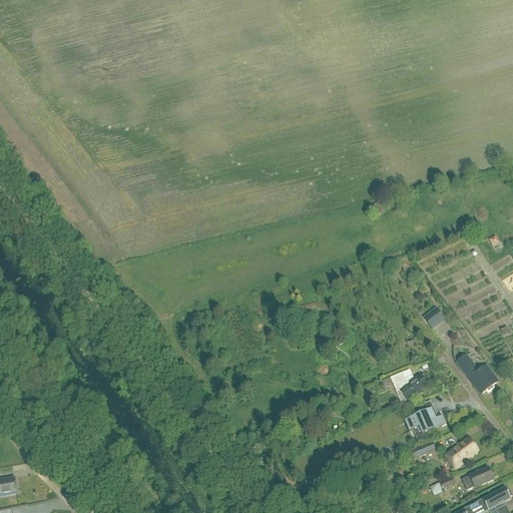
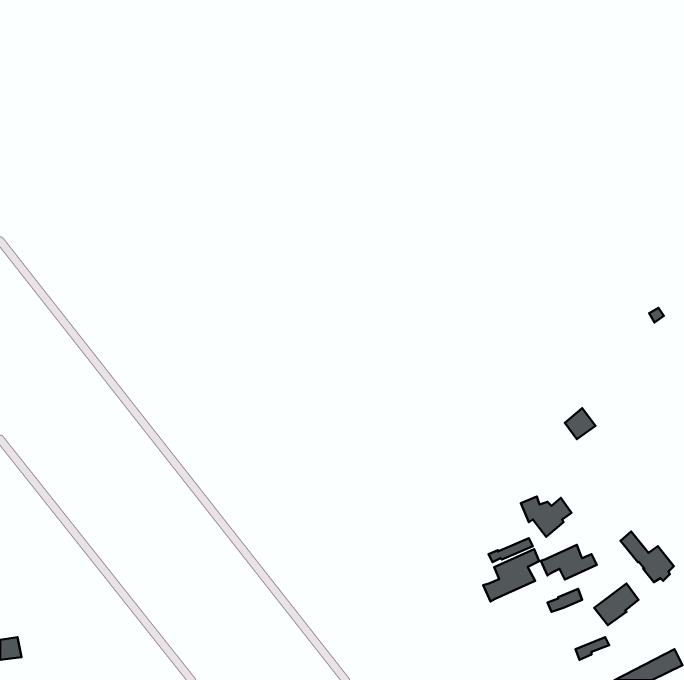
building: [457,354,497,392] -> [620,531,674,582]
building: none -> [483,549,539,602]
building: [462,466,494,489] -> none

